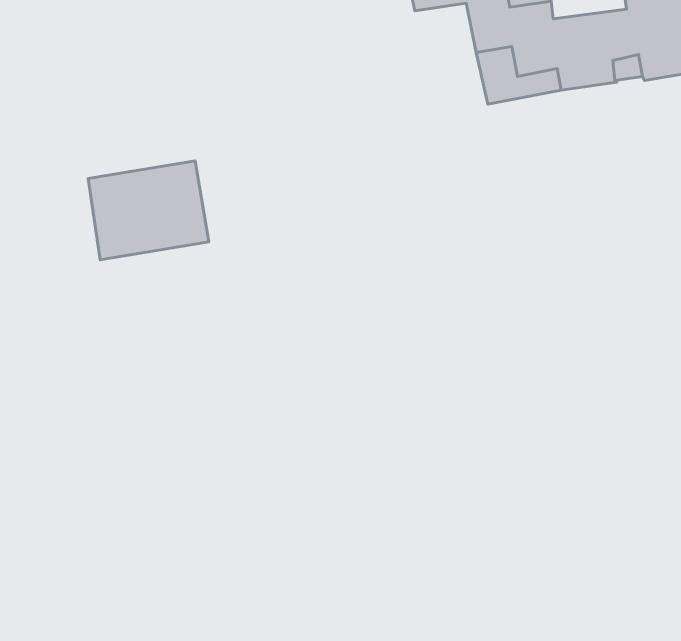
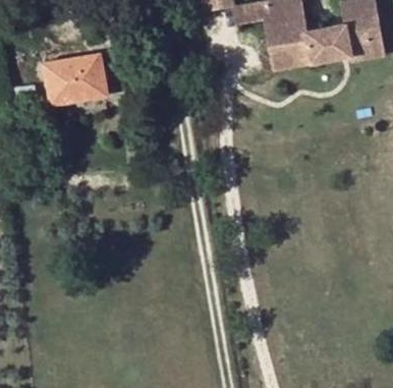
building: [88,161,209,260] -> [44,52,106,103]

